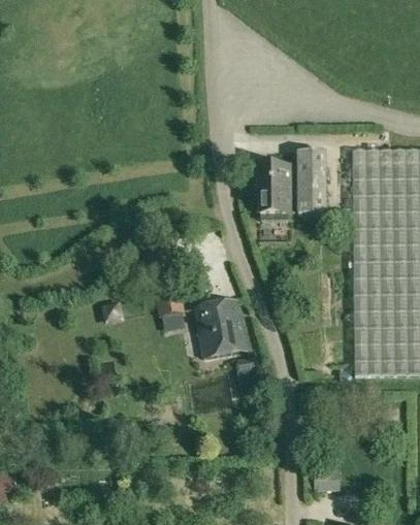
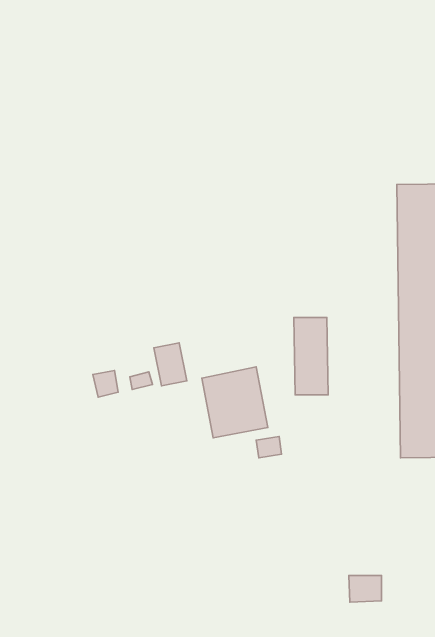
building: [297,151,325,214] -> [294,318,328,395]
building: [253,165,292,215] -> none

